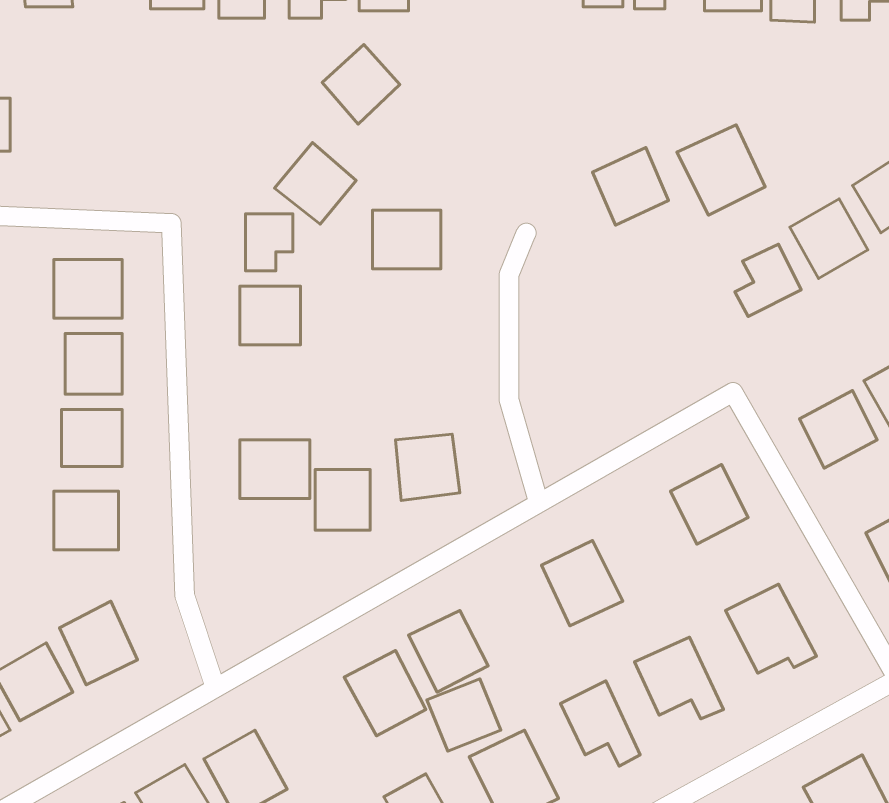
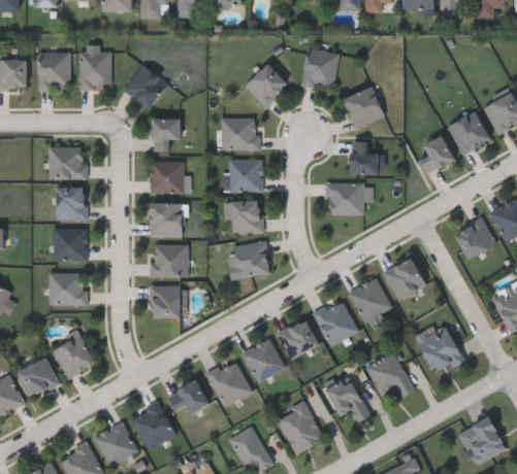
building: [322,45,400,124] -> [246,63,288,106]
building: none -> [301,48,338,90]
building: none -> [79,50,110,88]
building: none -> [38,52,71,89]
building: [677,125,765,215] -> none
building: [275,143,356,224] -> [123,64,167,108]
building: none -> [352,145,377,178]
building: none -> [230,160,263,192]
building: none -> [327,182,364,215]
building: none -> [232,202,263,234]
building: none -> [150,204,183,236]
building: [315,470,370,530] -> [151,286,181,319]
building: none -> [351,279,392,321]
building: [427,679,501,751] -> [279,318,319,358]
building: none -> [168,378,209,414]

